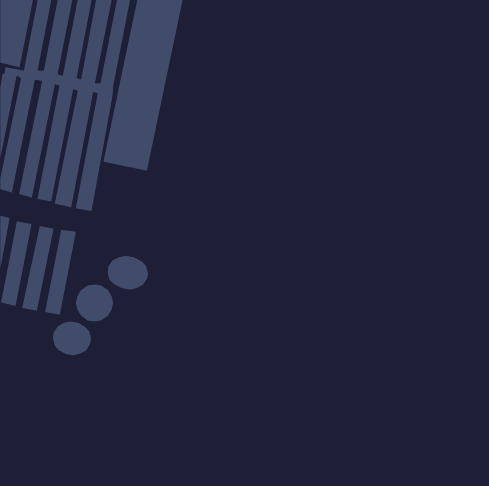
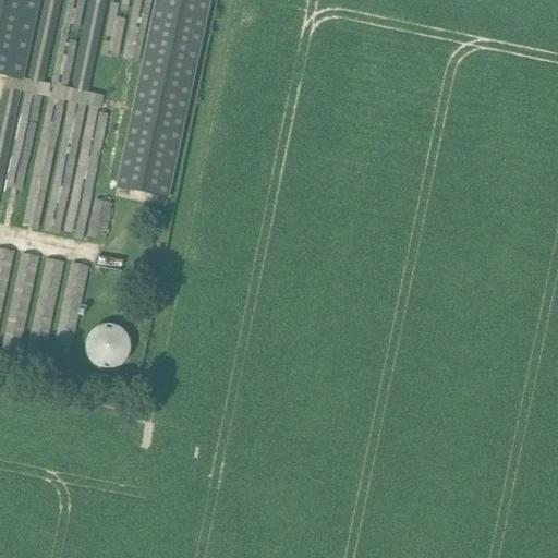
building: [107,255,149,290] -> none
building: [52,321,92,356] -> none

